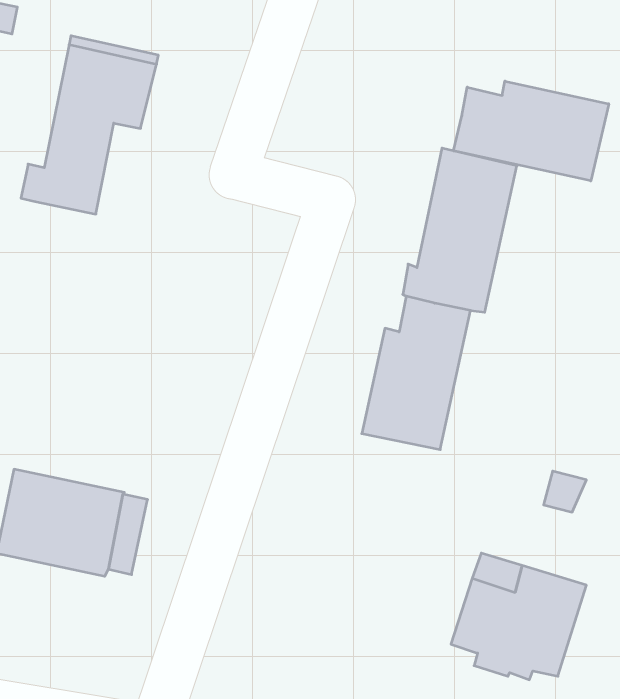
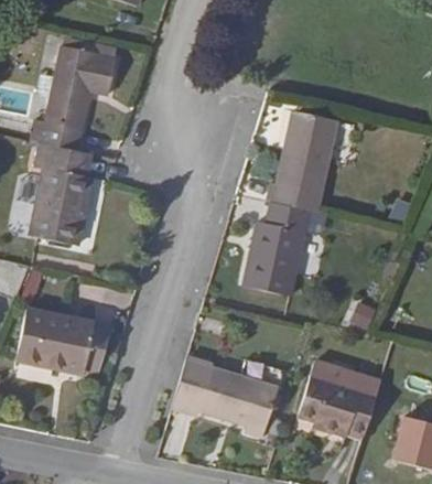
building: [454,81,609,181] -> none
building: none -> [30,142,94,245]
building: none -> [172,357,280,439]

